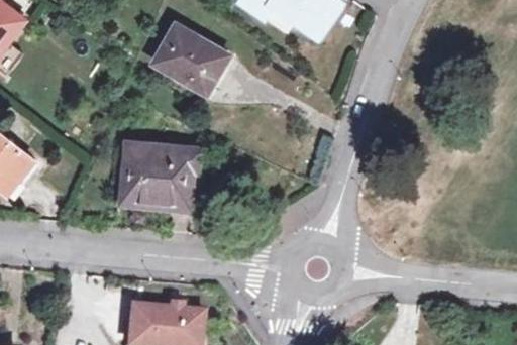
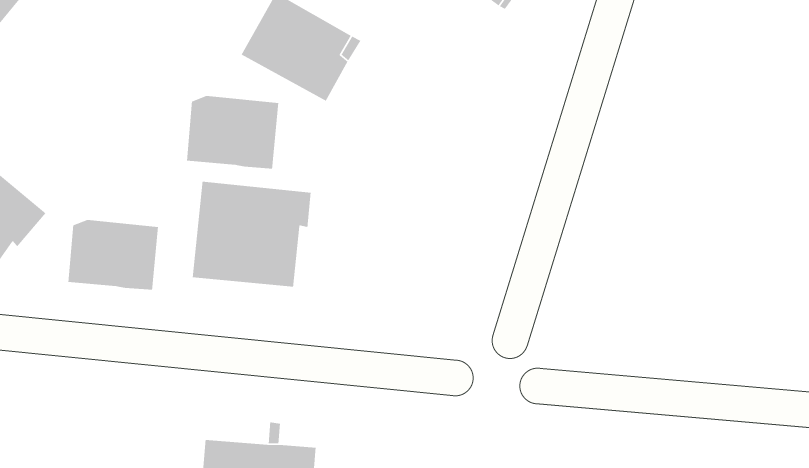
building: none -> [186,95,279,169]
building: none -> [67,219,159,291]

